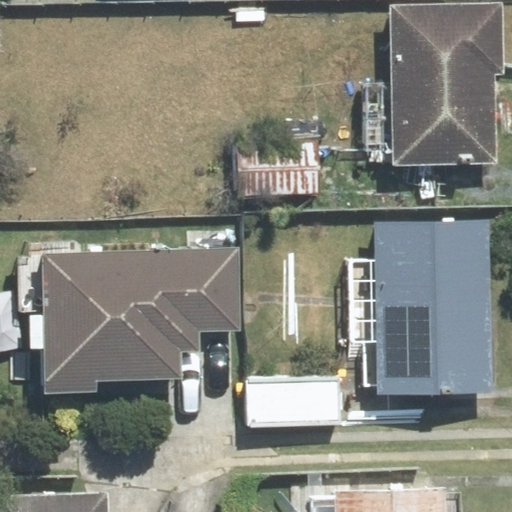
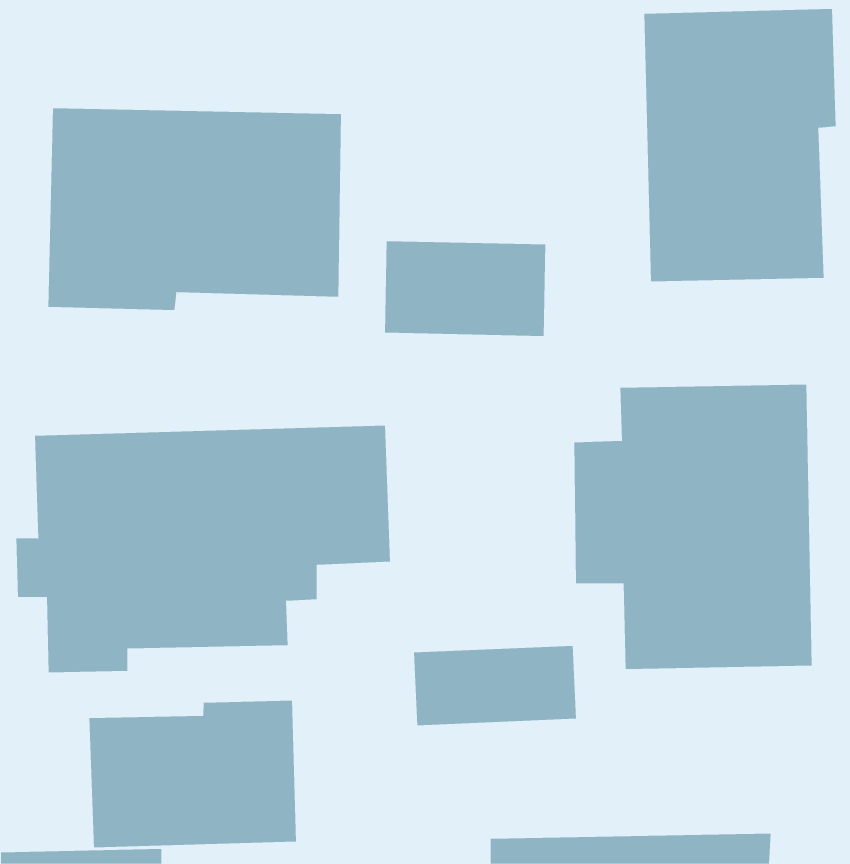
building: none -> [48,107,341,311]
building: none -> [89,700,297,848]

